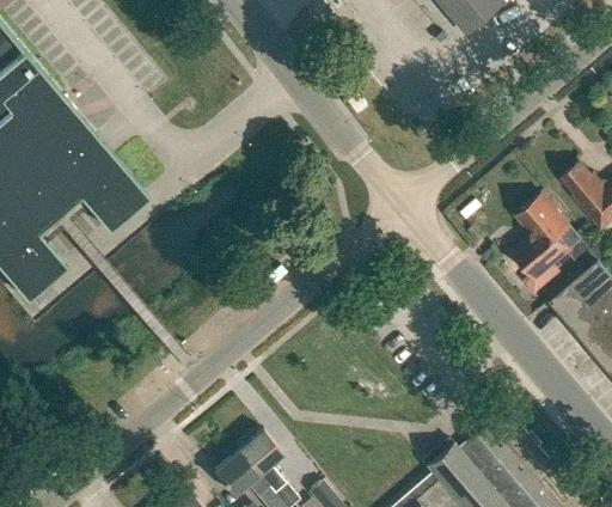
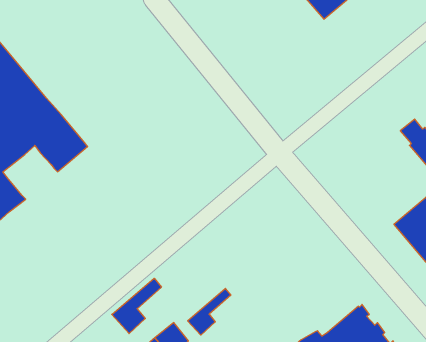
building: [513,196,581,281] -> none
building: none -> [112,278,161,334]
building: none -> [188,288,231,335]

